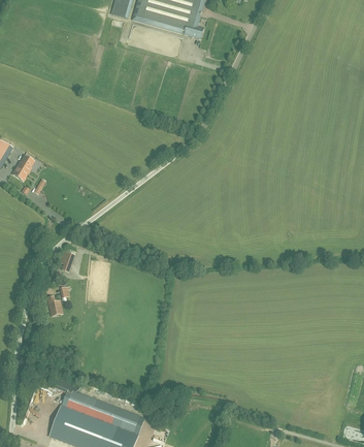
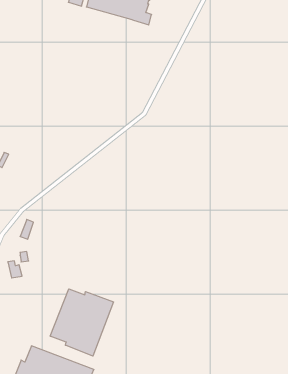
building: none -> [50,289,114,356]

